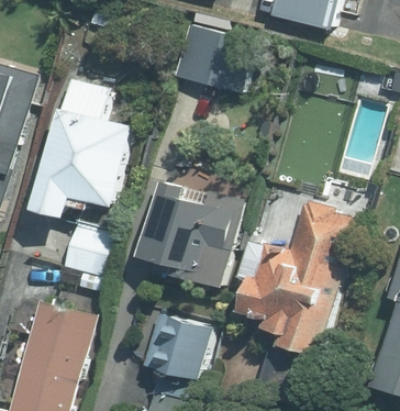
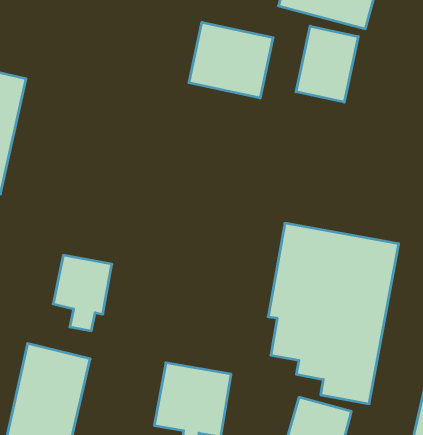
building: none -> [296,26,358,102]
building: [42,78,132,211] -> none
building: [146,178,245,289] -> none

